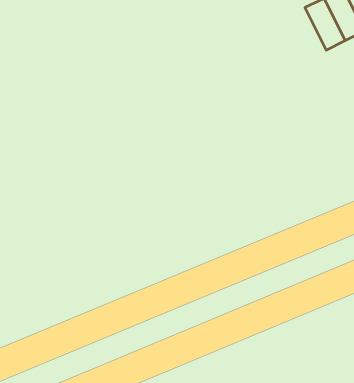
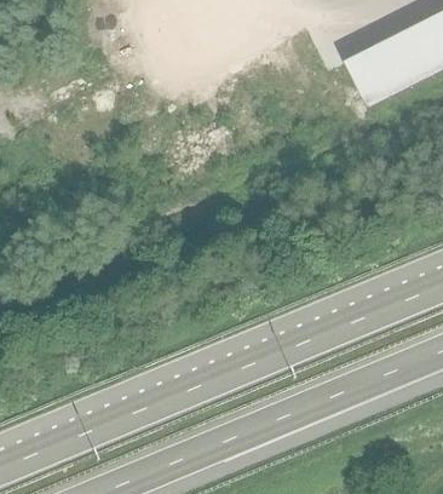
building: none -> [343,45,389,104]

